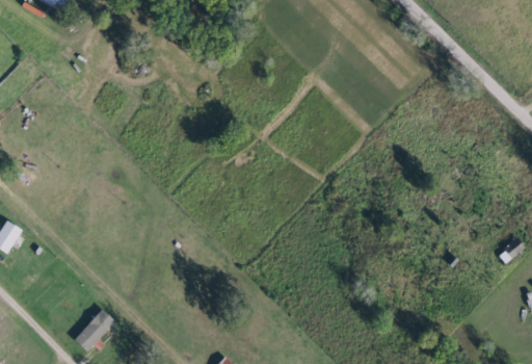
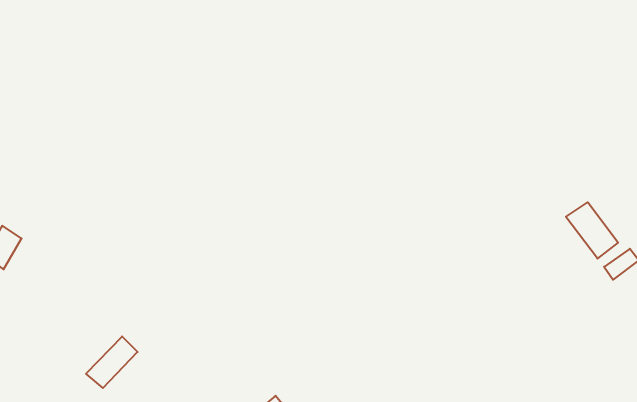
building: none -> [566,202,618,259]

